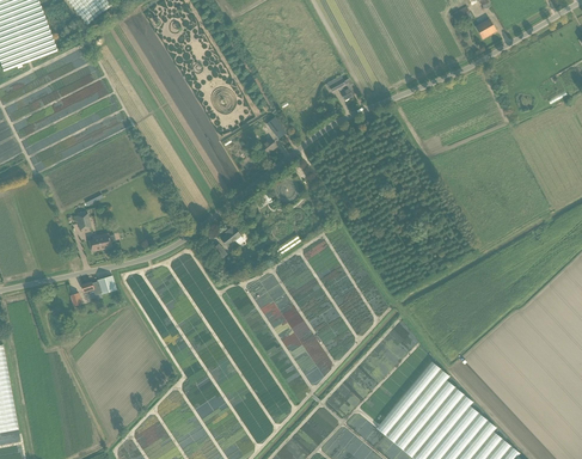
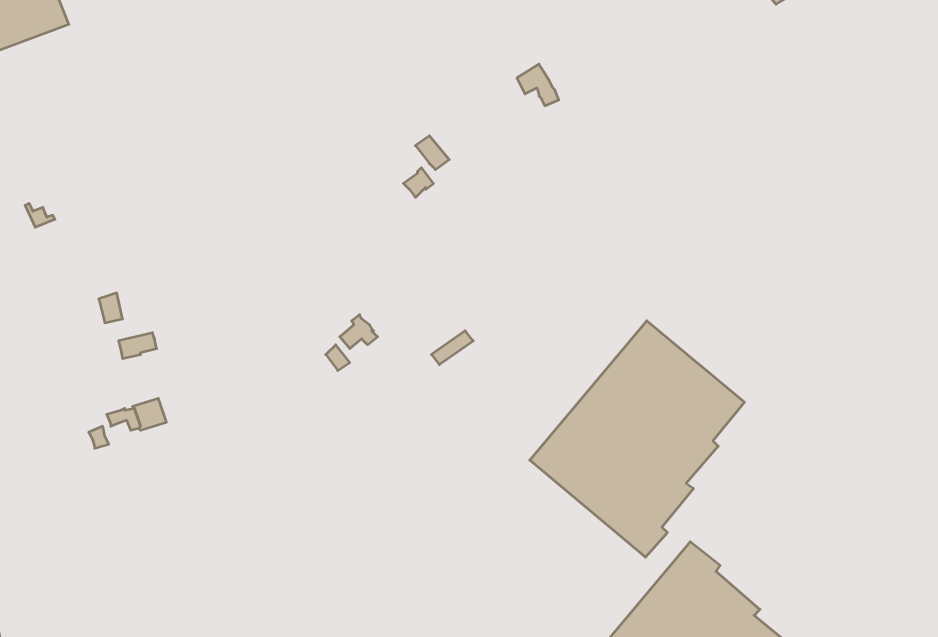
building: none -> [530,321,744,557]

